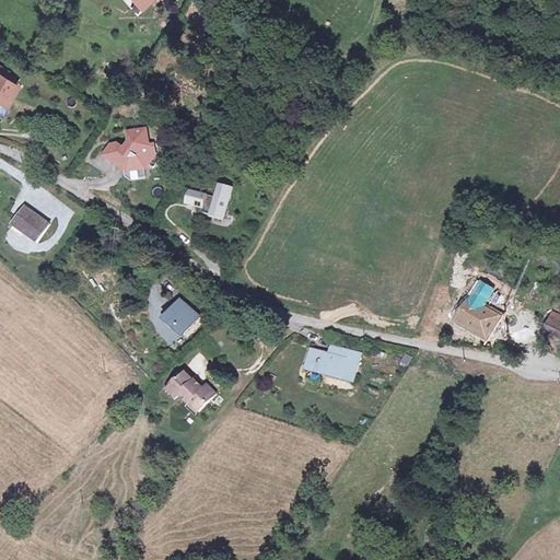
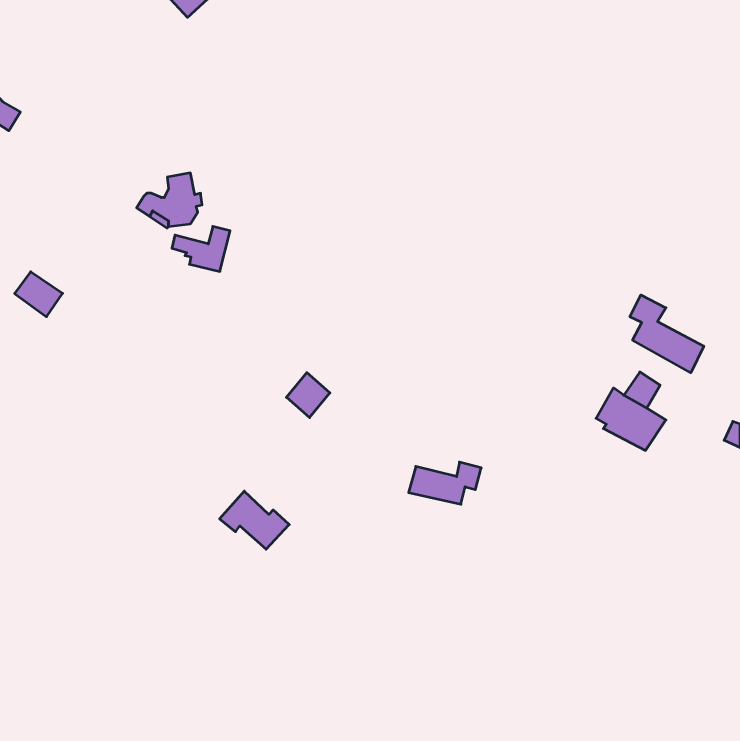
building: [186,185,230,219] -> [172,226,230,271]
building: none -> [630,295,704,373]
building: [164,296,197,330] -> [286,373,330,418]

